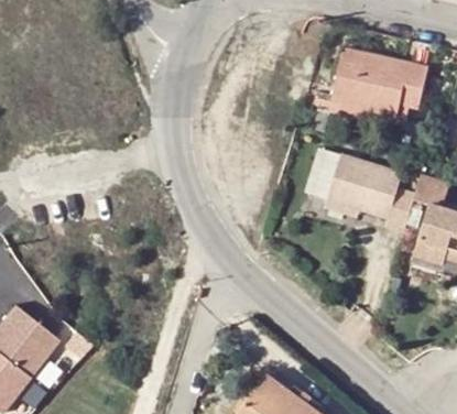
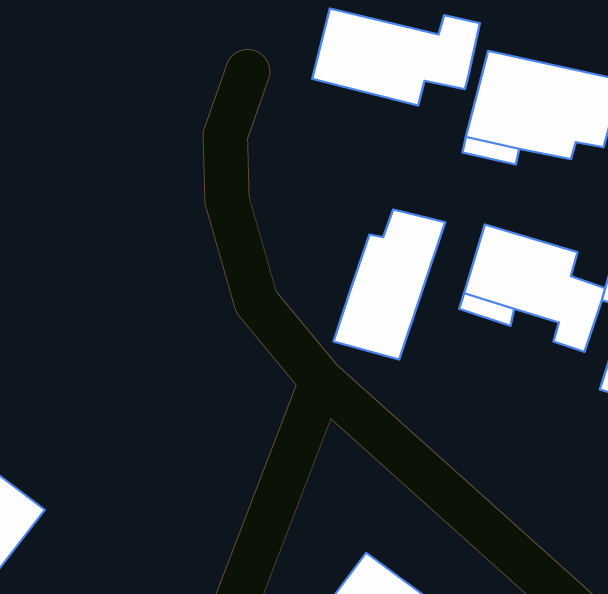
building: none -> [312,8,480,105]
building: none -> [334,210,445,360]

